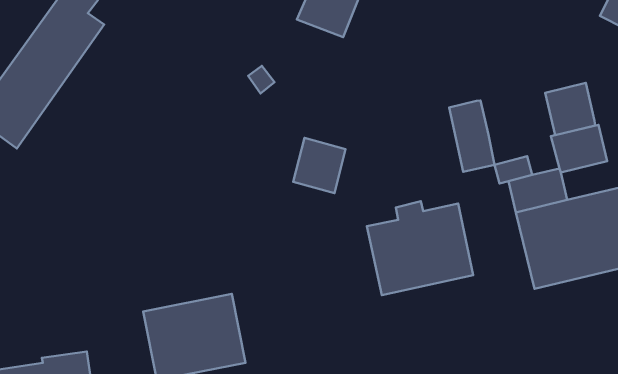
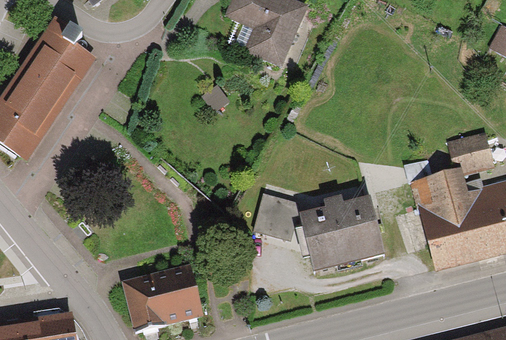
building: [545,83,595,135] -> none
building: [449,100,495,172] -> none
building: [293,138,346,193] -> [250,190,292,234]

